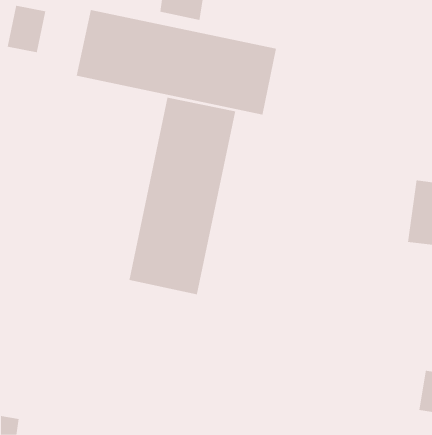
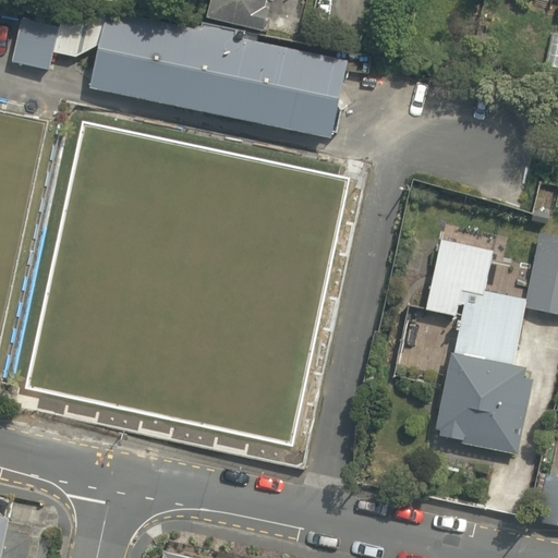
building: [129,97,236,295] -> none
building: none -> [422,236,531,448]

